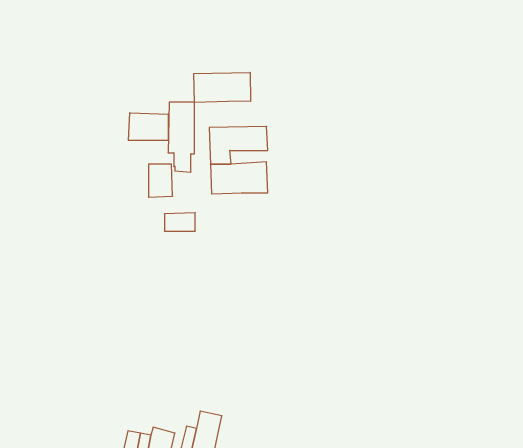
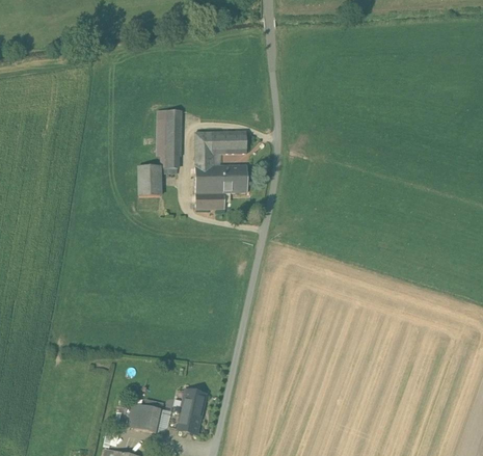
building: [194,72,251,102] -> none
building: [128,113,168,140] -> none
building: [164,213,195,231] -> [196,191,224,208]

